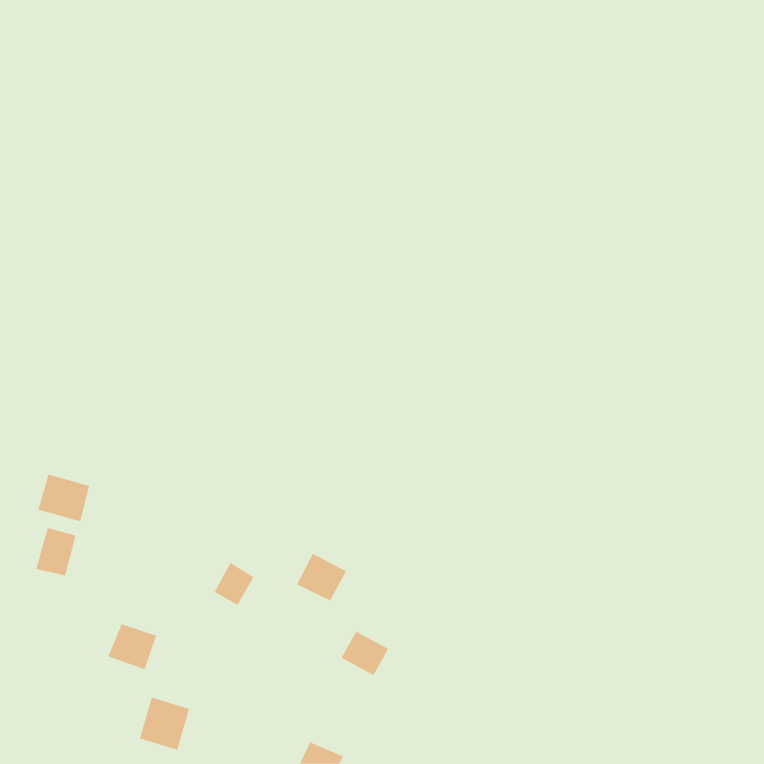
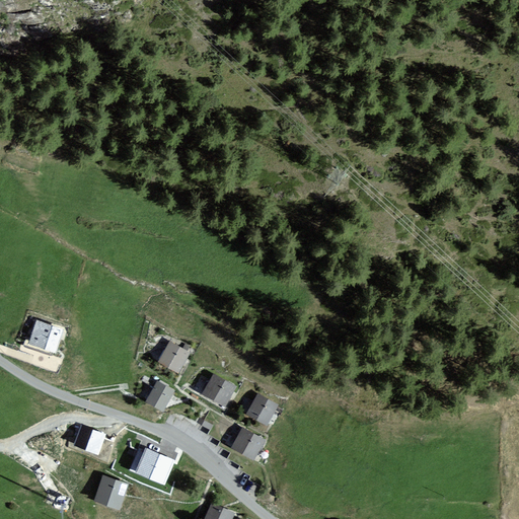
building: none -> [157,343,188,374]
building: [35,527,76,576] -> none
building: none -> [247,394,278,425]
building: none -> [132,445,175,484]

